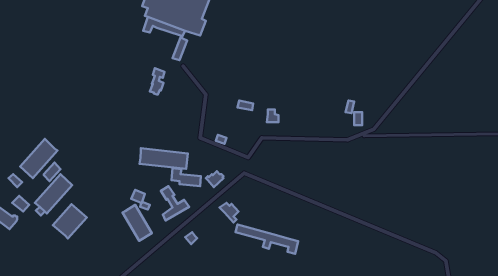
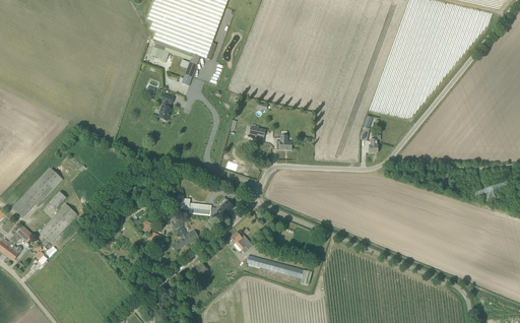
building: [139,148,188,169] -> none
building: [53,204,87,239] -> none
building: [122,205,152,241] -> none

